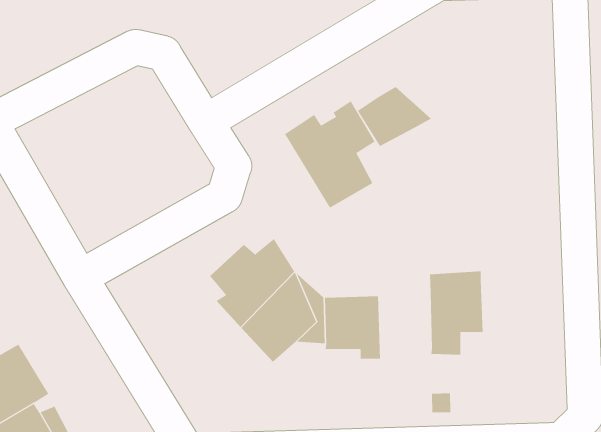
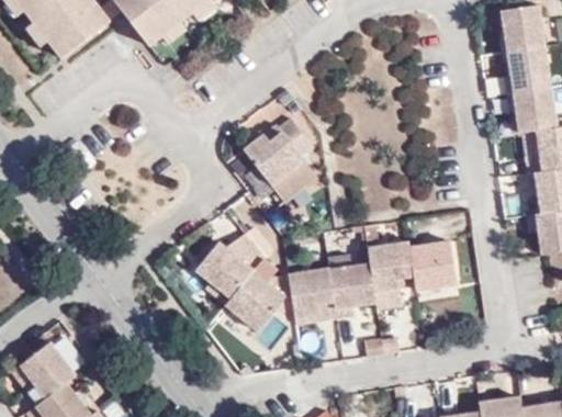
building: [357,86,432,147] -> none
building: none -> [329,251,378,317]
building: none -> [411,241,457,292]

